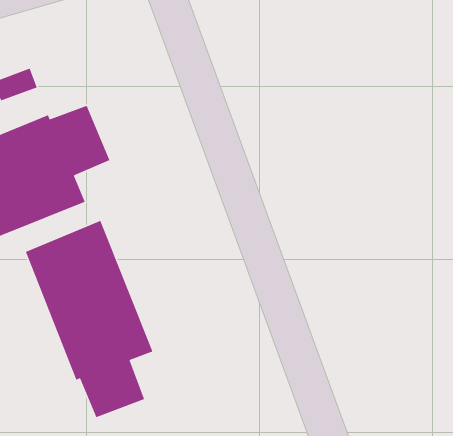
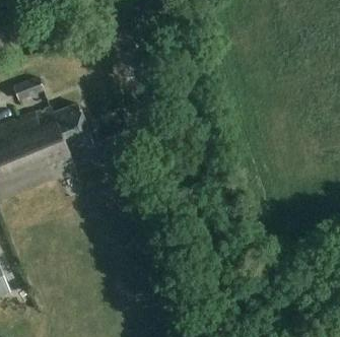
building: [25,220,154,418] -> none

